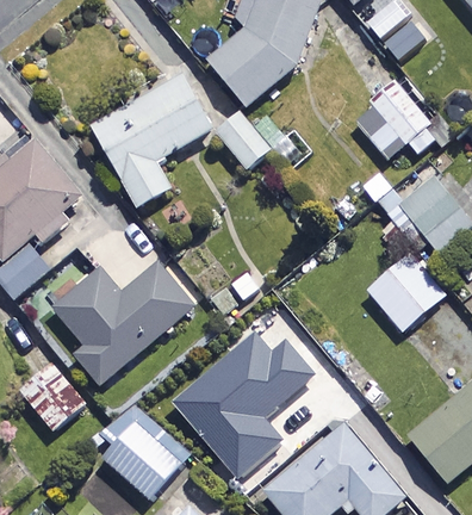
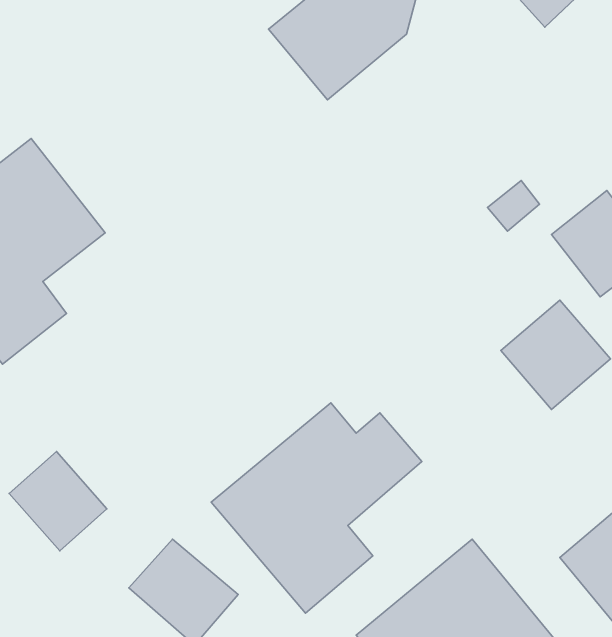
building: [93,66,268,207] -> none
building: [354,82,439,153] -> none
building: [55,262,194,383] -> none

